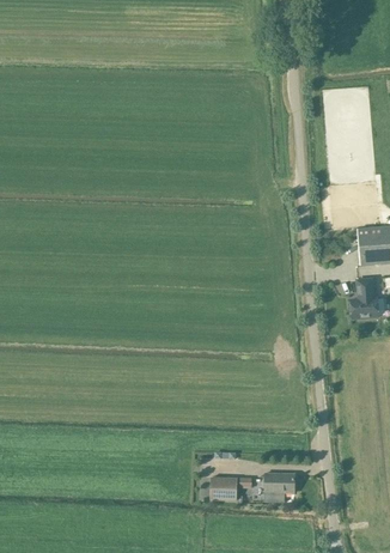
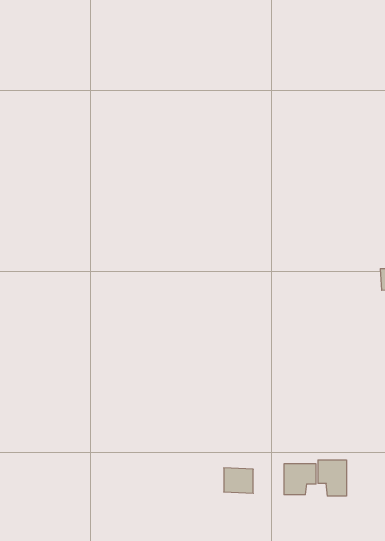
building: none -> [318,460,346,496]

